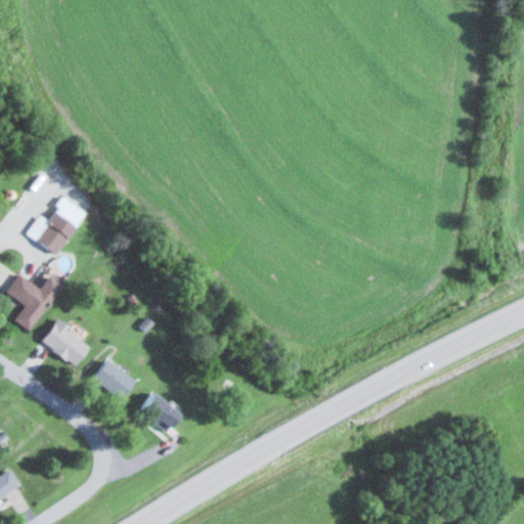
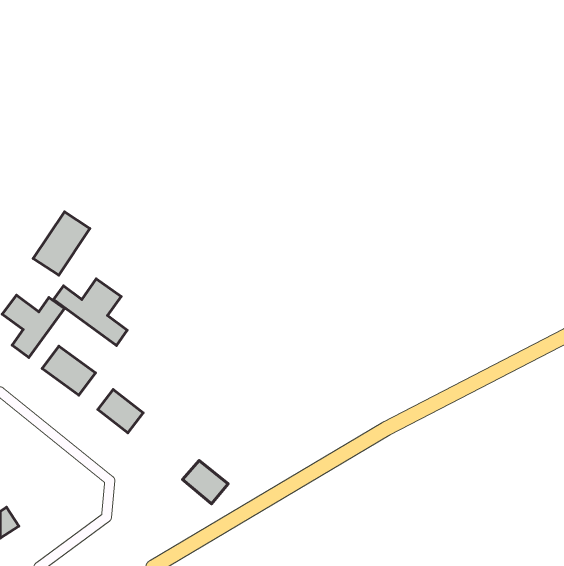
building: none -> [53,279,127,345]
building: [139,393,181,433] -> [183,461,228,504]

